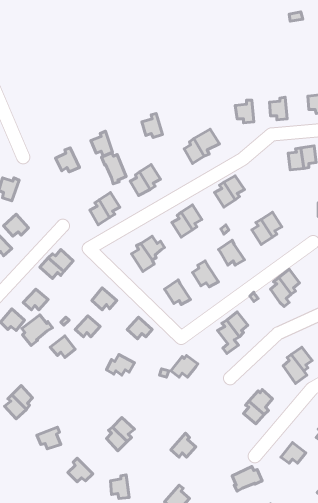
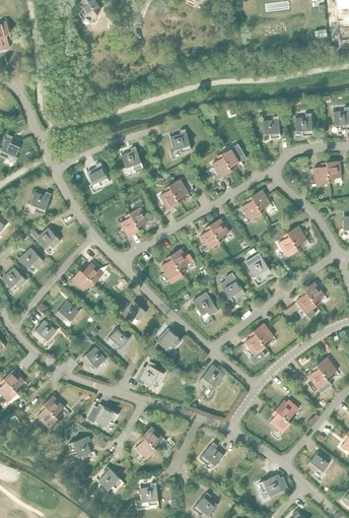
building: [101,153,126,184] -> none
building: [22,315,52,346] -> none
building: none -> [87,404,118,427]

